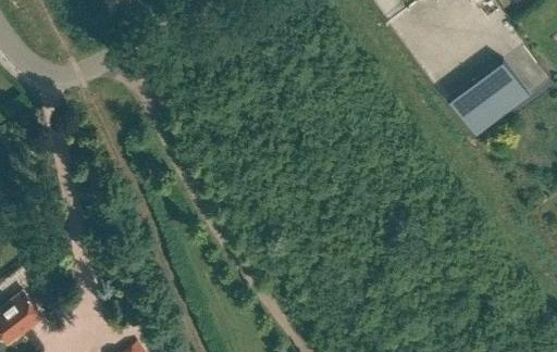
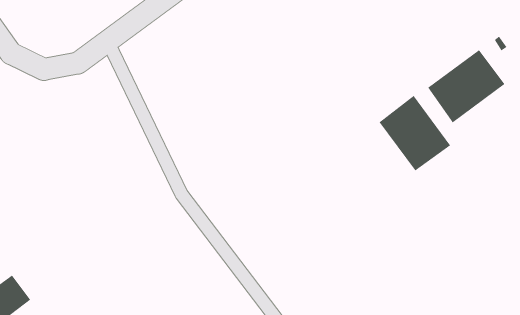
building: none -> [378,95,451,172]

